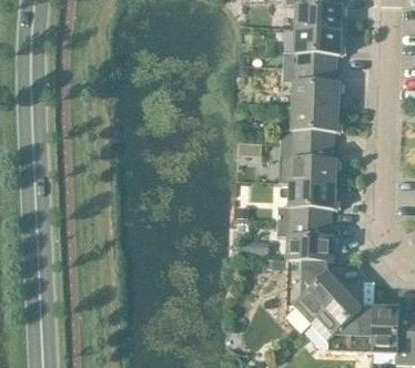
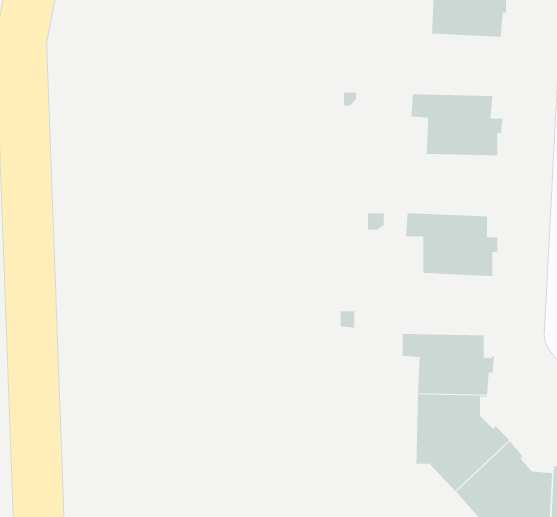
building: [283,28,343,68] -> none
building: [280,105,341,145] -> none
building: [276,182,337,222] -> none

